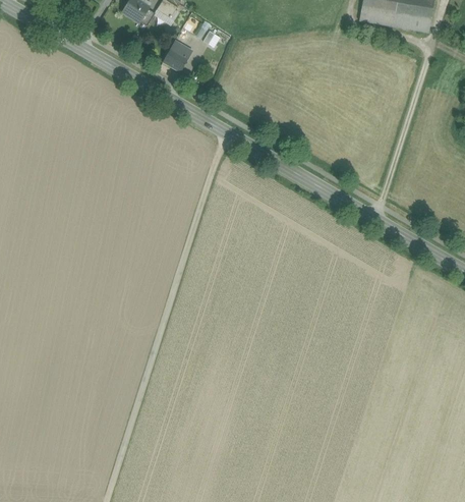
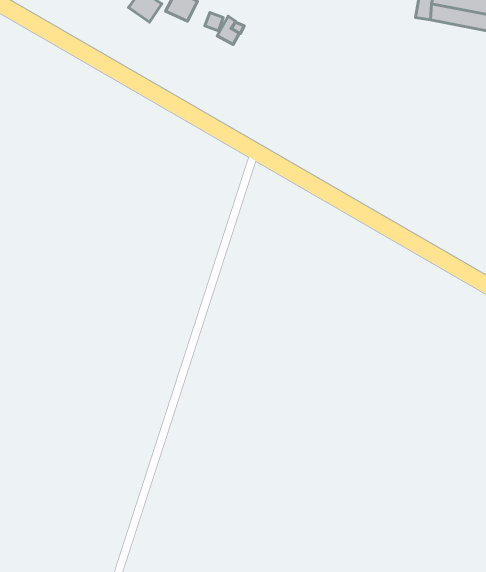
building: [164,47,190,72] -> none

